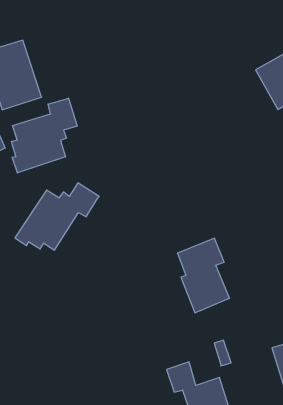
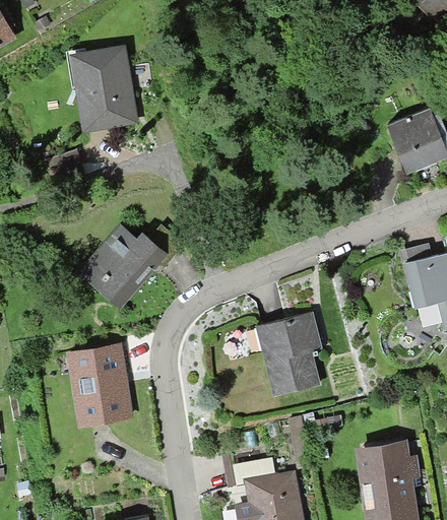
building: [11,98,77,173] -> none
building: none -> [71,346,130,424]

